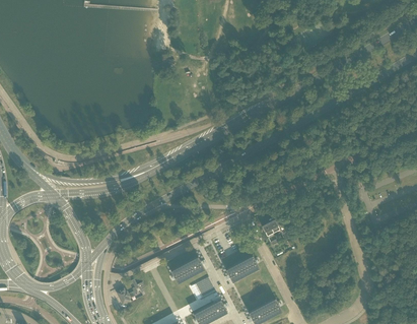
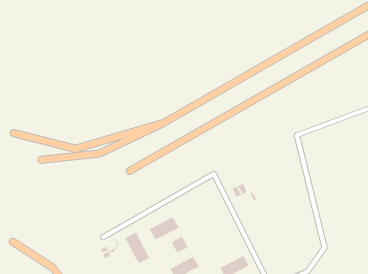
building: [224,255,259,282] -> none
building: none -> [124,231,150,265]

